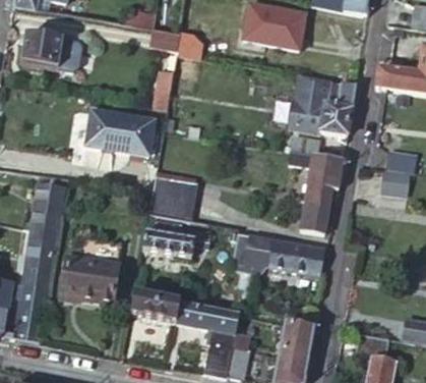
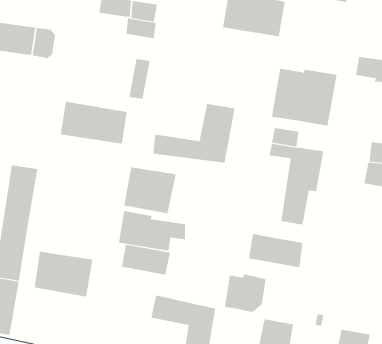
building: none -> [153,103,235,164]
building: [233,235,275,273] -> [224,274,267,312]
building: [131,292,180,323] -> [121,244,171,275]

